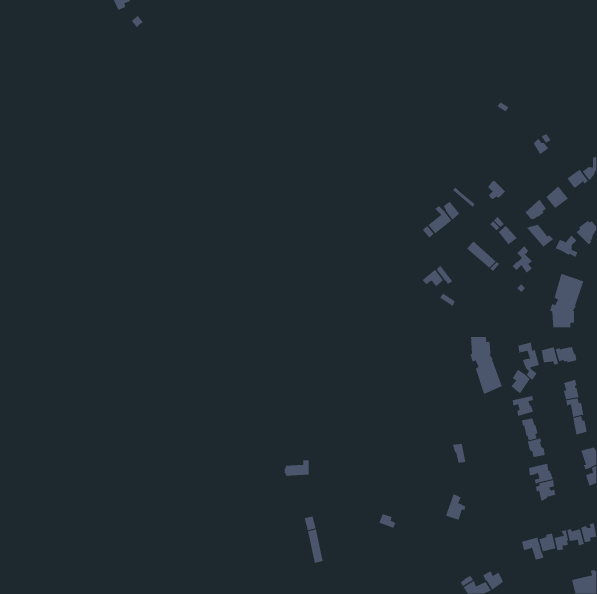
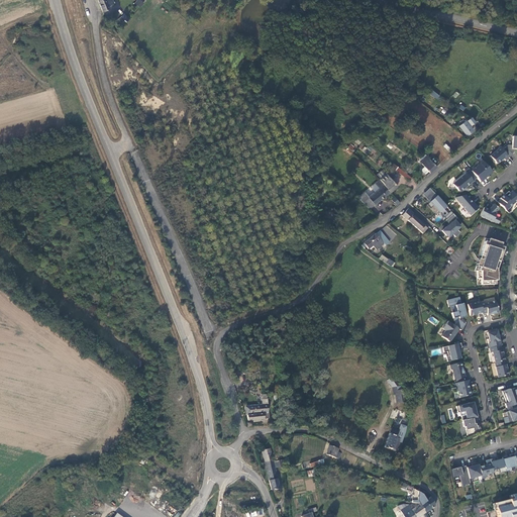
building: [470,336,503,395] -> none

